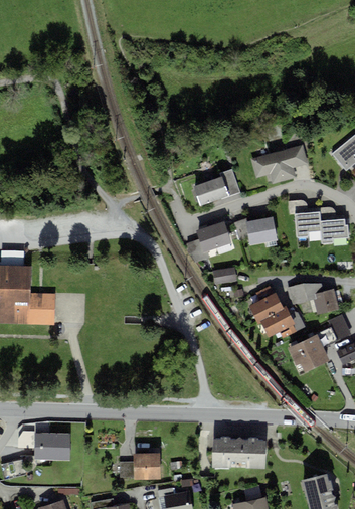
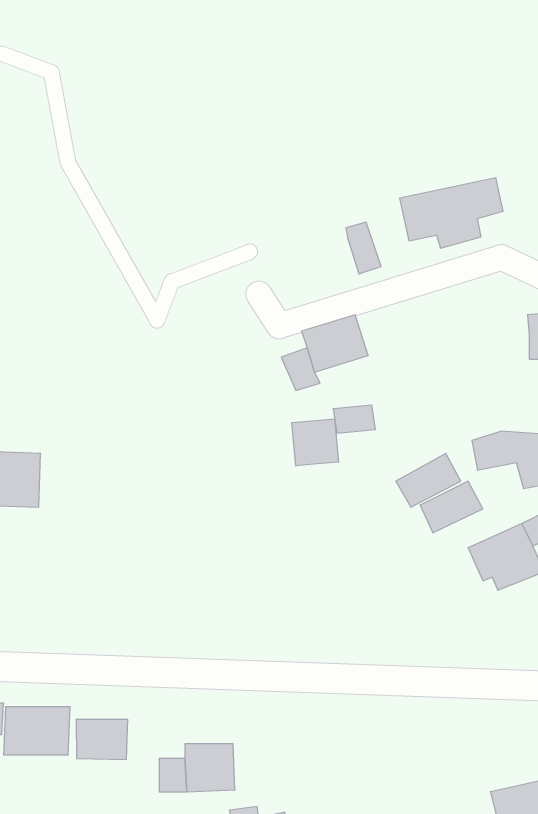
building: [194,178,228,206] -> none
building: [296,212,321,237] -> none
building: [237,216,279,245] -> none
building: none -> [292,419,339,466]
building: [212,435,265,467] -> none
building: none -> [76,719,127,760]

